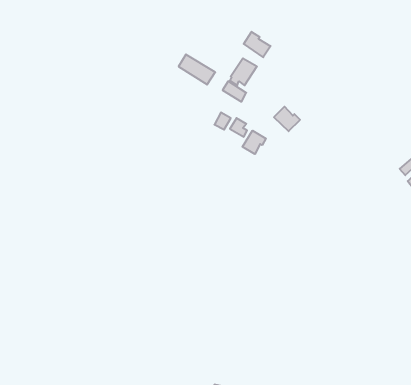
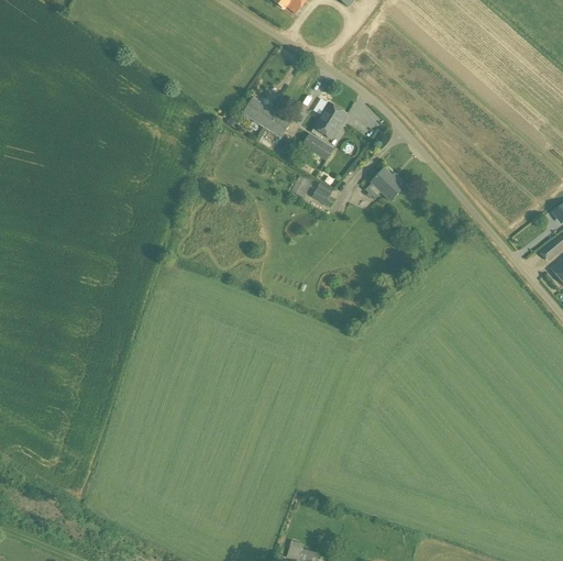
building: [244,32,271,57] -> none
building: [242,131,266,154] -> none

